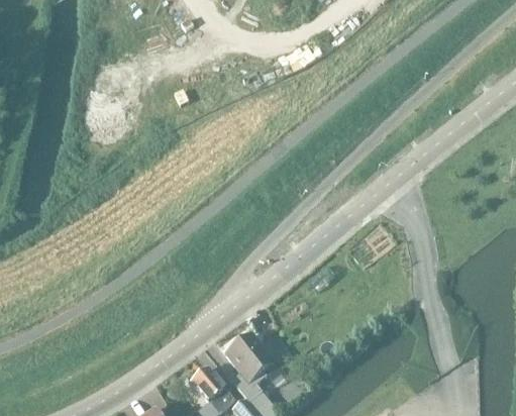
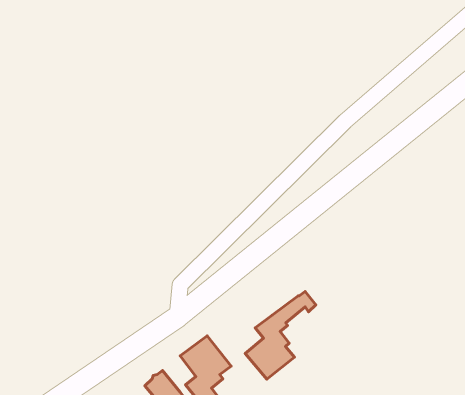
building: none -> [245,292,316,379]

